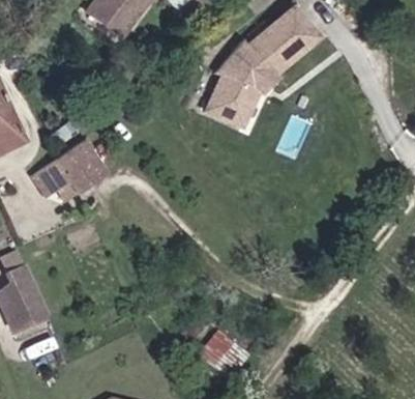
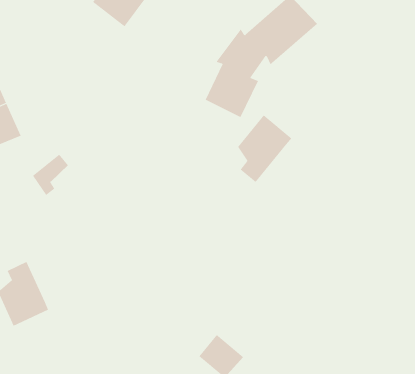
building: none -> [238,114,292,183]
building: [55,142,108,198] -> none

